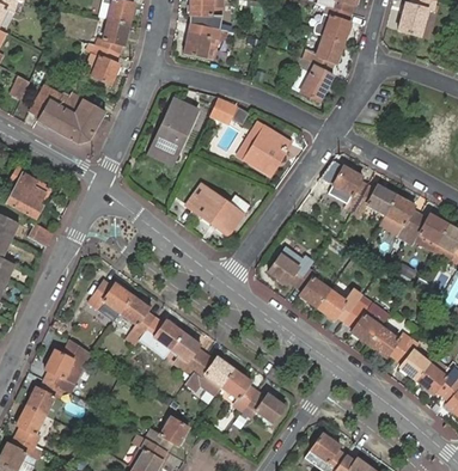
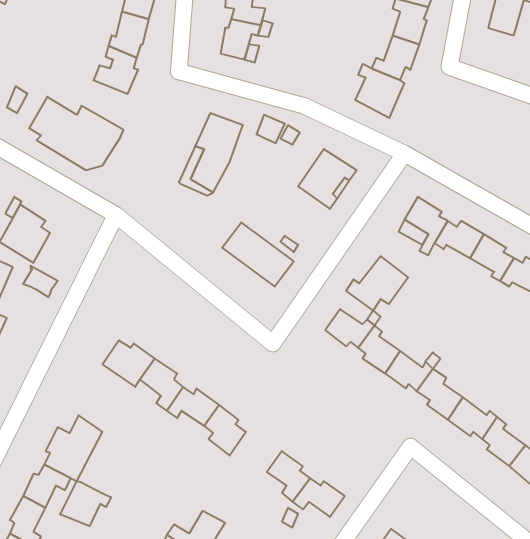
building: none -> [346,256,408,311]
building: [185,353,234,393] -> none
building: none -> [60,481,111,526]

